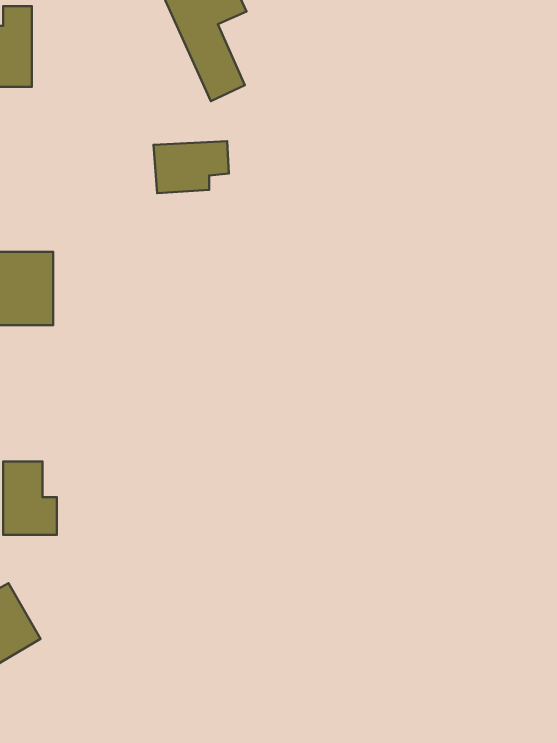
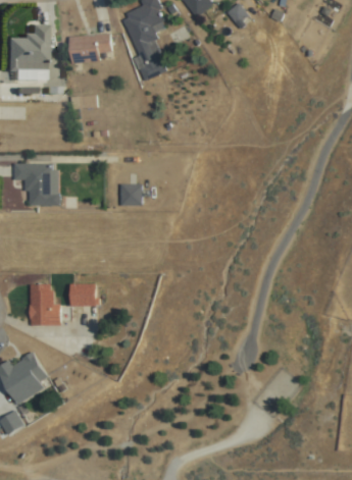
building: [154,141,229,193] -> [69,34,112,63]
building: none -> [122,185,142,205]
building: none -> [70,283,97,306]

